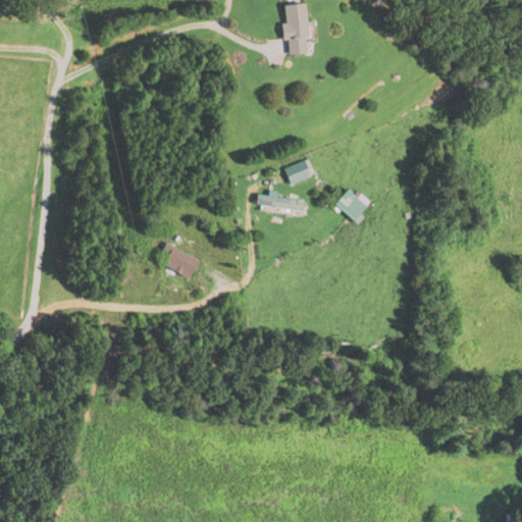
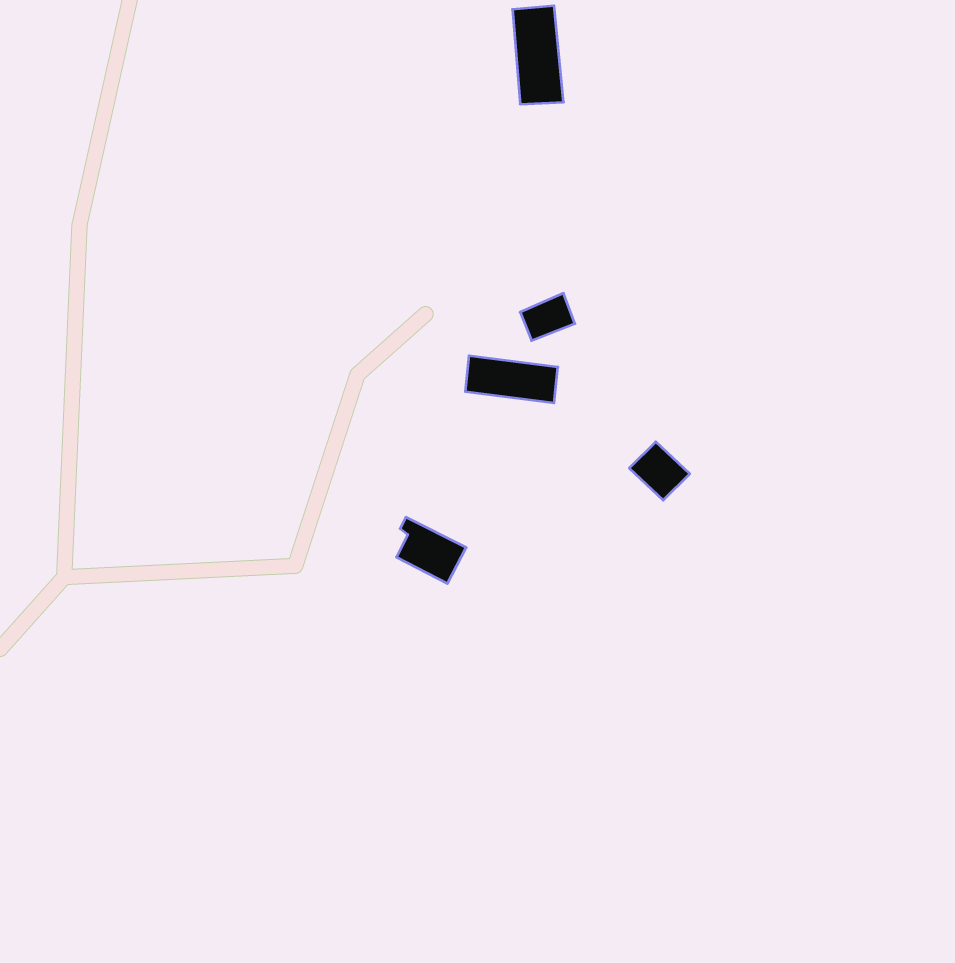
building: [337,189,370,220] -> [629,442,690,500]
building: [164,243,202,278] -> [396,517,466,584]

